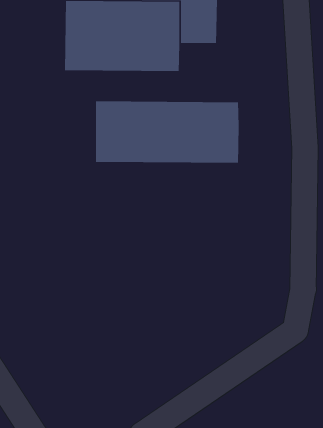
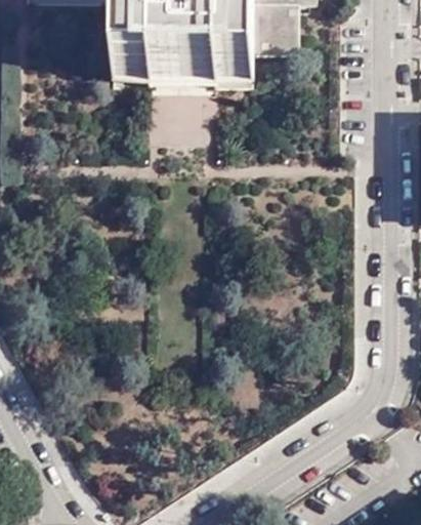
building: [95,101,239,164] -> none

